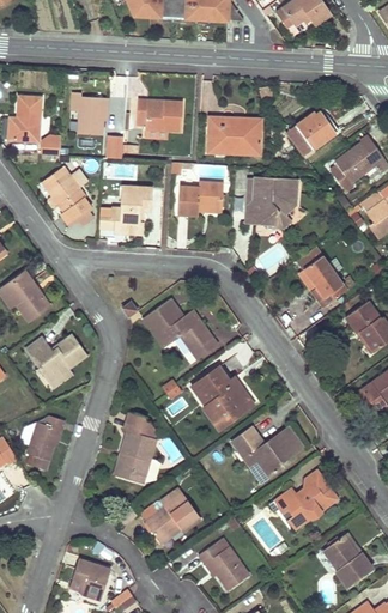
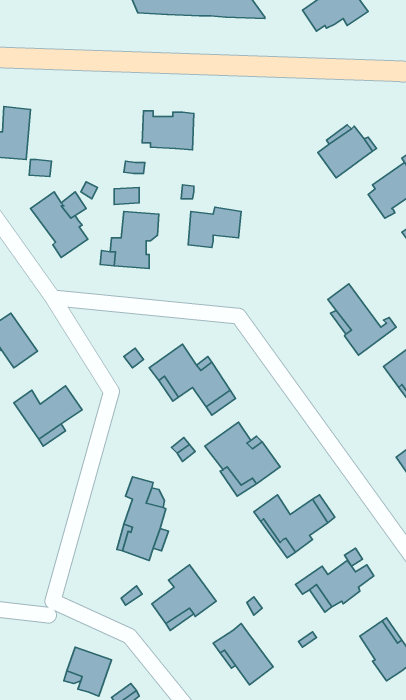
building: [69,90,104,134] -> none
building: [207,116,260,152] -> none
building: [243,176,297,229] -> none
building: [26,417,65,468] -> none

